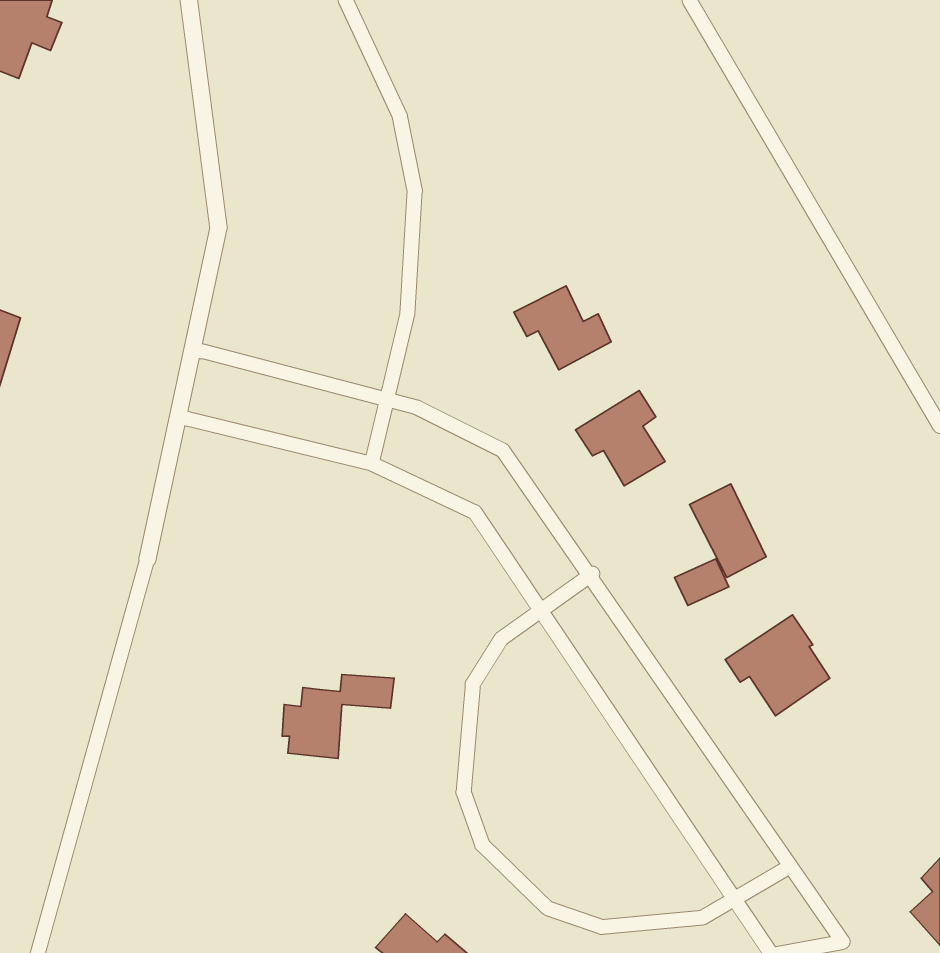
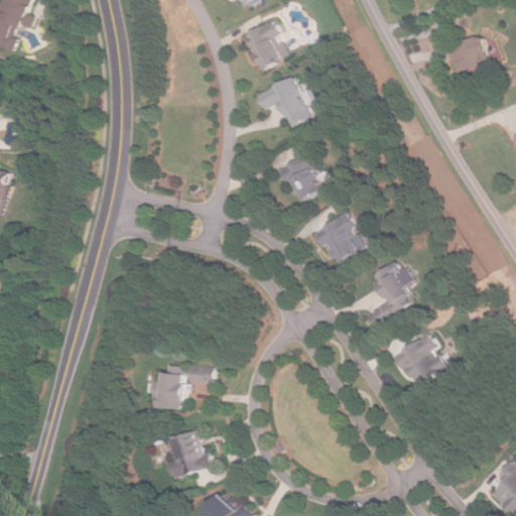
building: none -> [242,19,289,70]
building: none -> [447,33,490,72]
building: none -> [255,77,310,127]
building: none -> [162,431,213,479]

